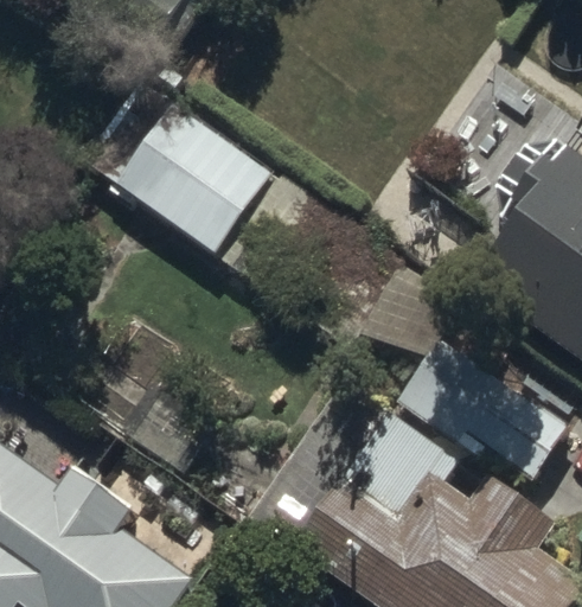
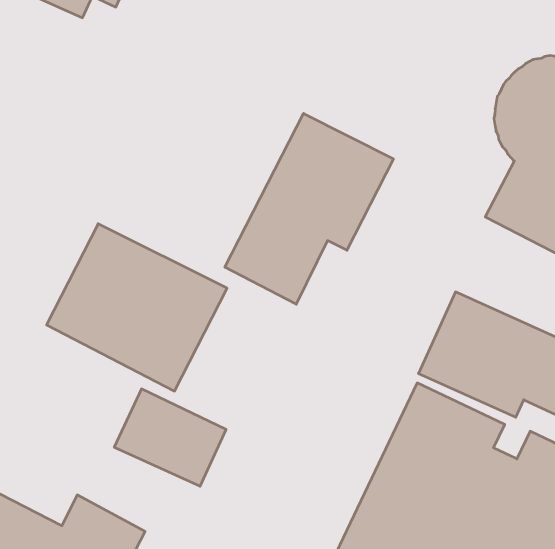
building: [116,100,280,257] -> [47,224,227,391]
building: none -> [225,113,393,304]

